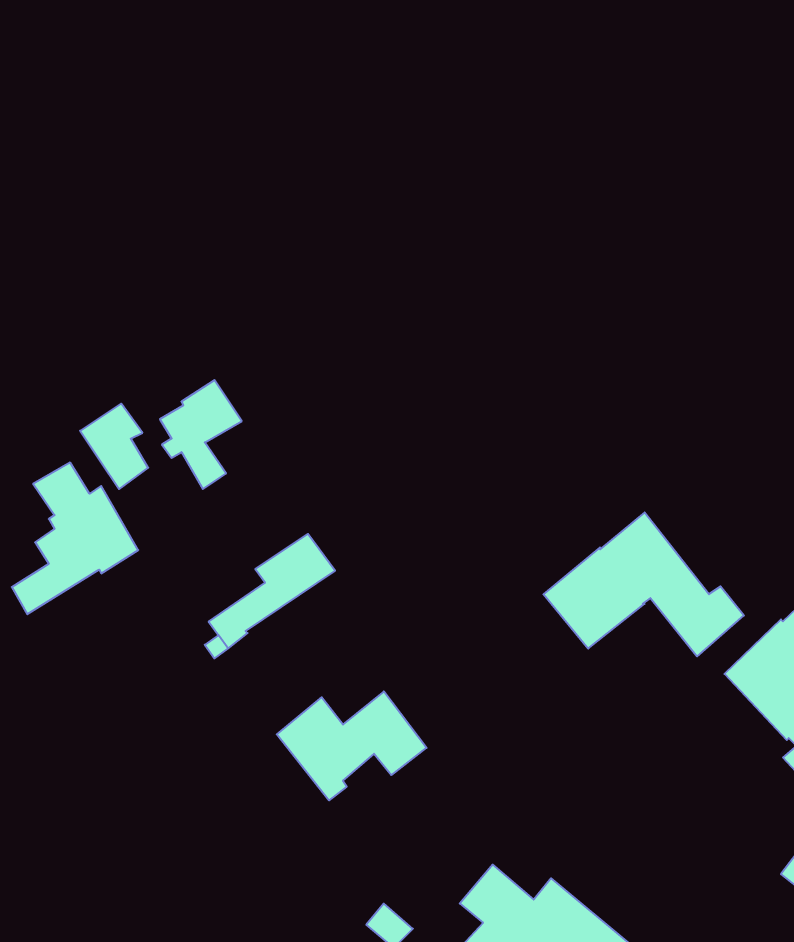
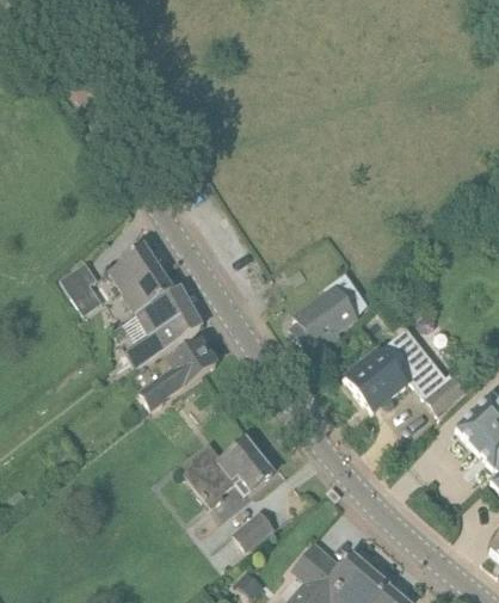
building: none -> [291,287,355,356]
building: [12,463,138,614] -> [123,271,201,364]
building: none -> [234,509,273,547]

